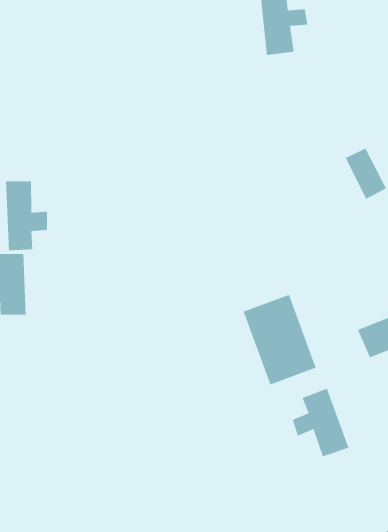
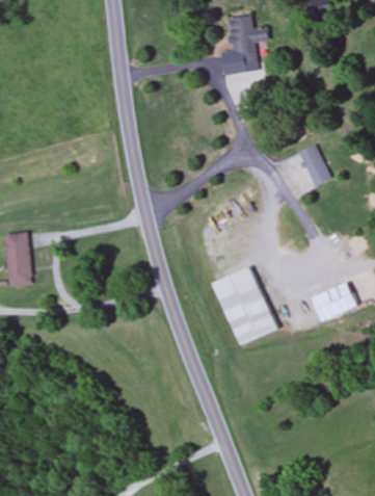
building: [6,181,48,251] -> none
building: [292,388,349,457] -> none

